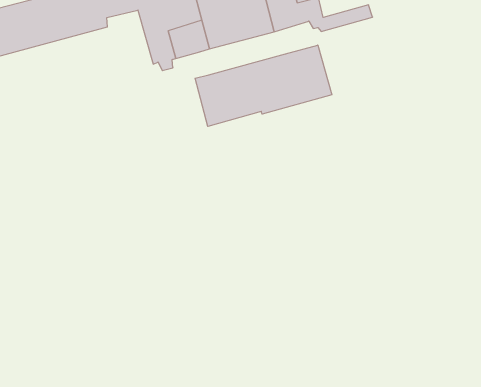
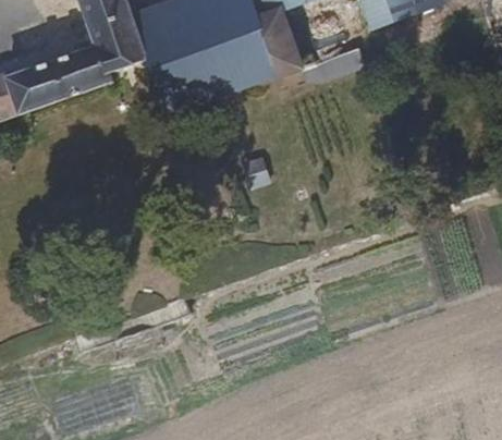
building: [195,45,332,126] -> none

